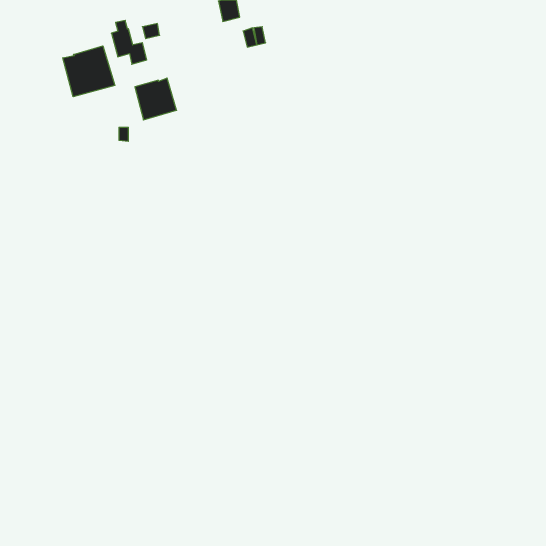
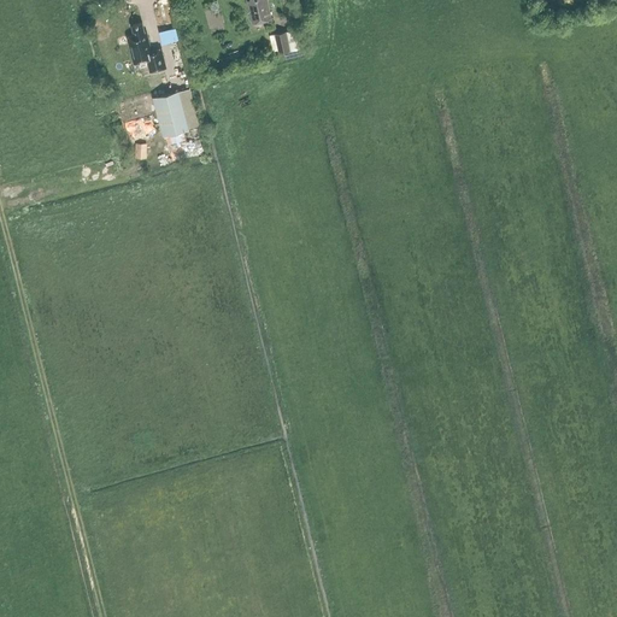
building: [63,46,115,97] -> none

